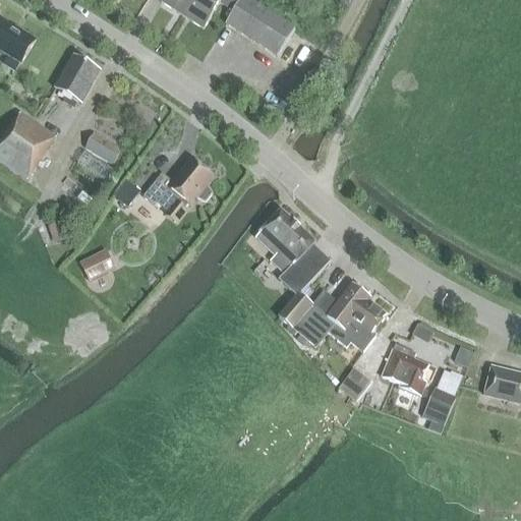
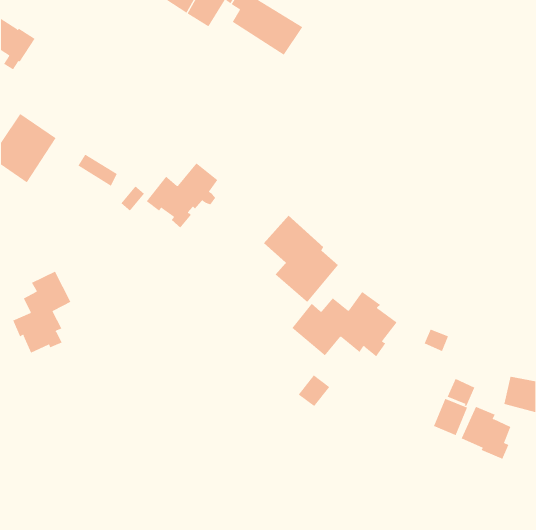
building: [54,54,99,106] -> none
building: [84,131,120,164] -> none
building: [78,248,113,279] -> none
building: none -> [12,271,71,354]
building: [380,343,428,395] -> [461,406,511,459]
building: [337,366,368,398] -> [298,375,330,407]

